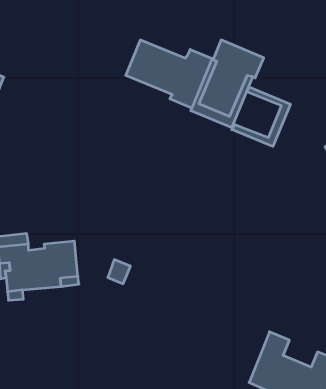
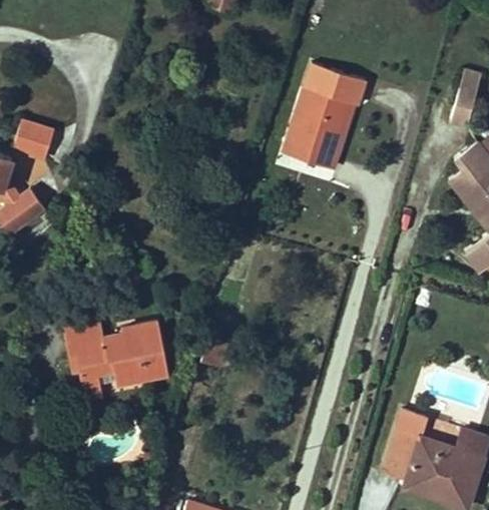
building: [126,40,212,108] -> none
building: [232,87,290,146] -> none

